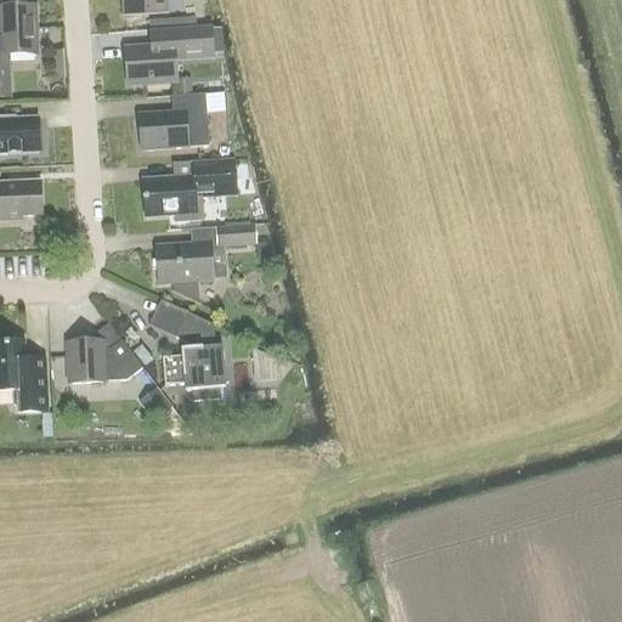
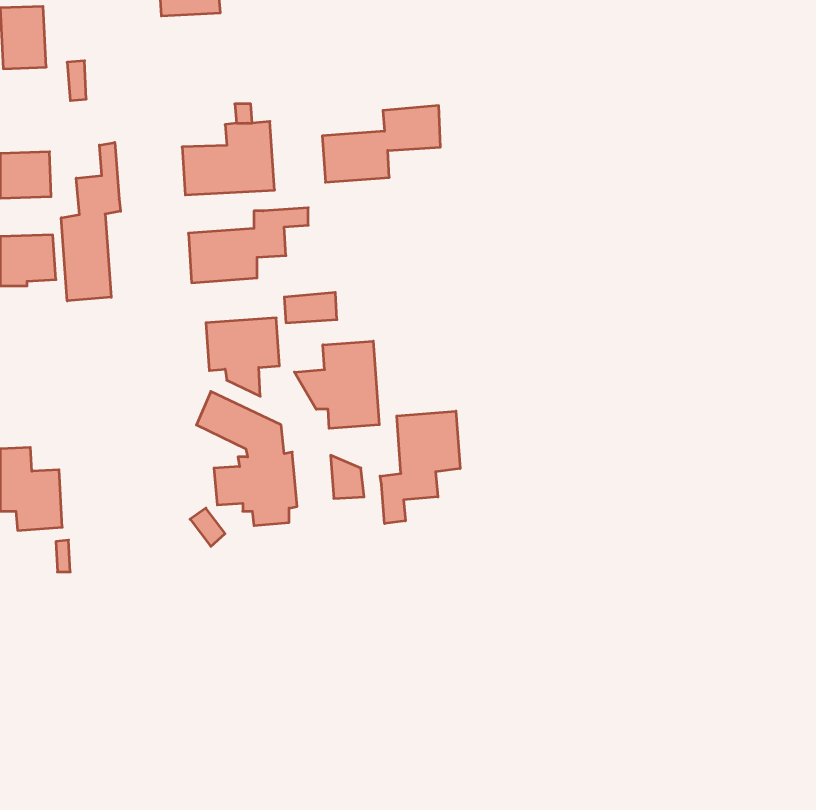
building: [125,24,215,83] -> [322,106,440,182]
building: none -> [61,142,121,301]
building: none -> [294,341,379,428]
building: none -> [380,411,460,524]
building: [67,322,143,381] -> none

